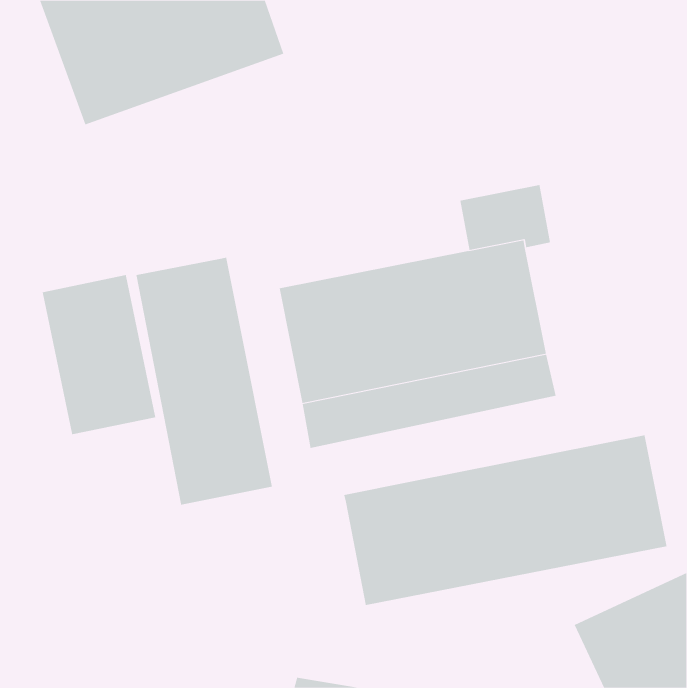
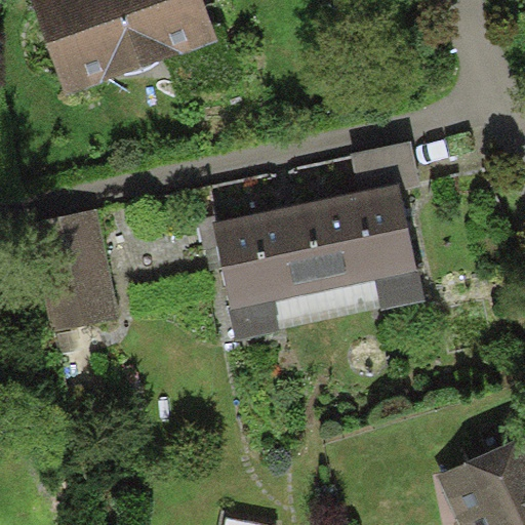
building: [136,257,272,505] -> none
building: [344,434,667,606] -> none

